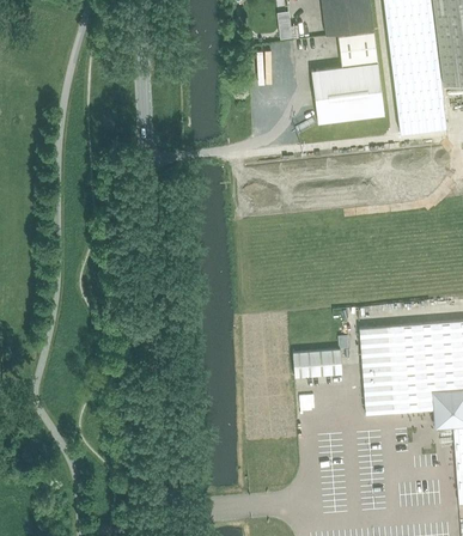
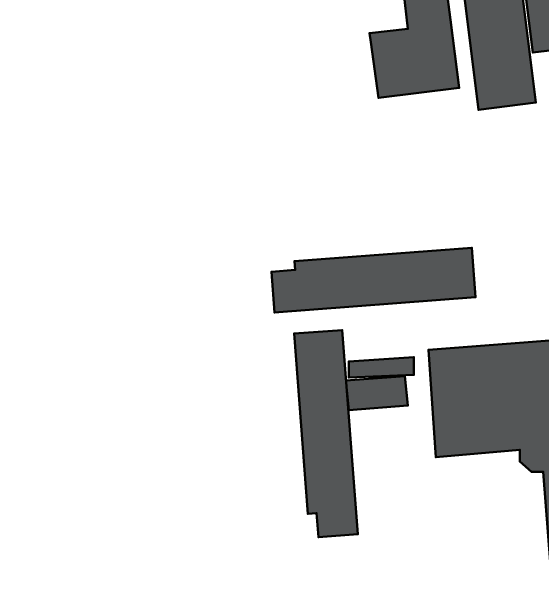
building: none -> [271,248,475,312]
building: none -> [294,330,358,537]

